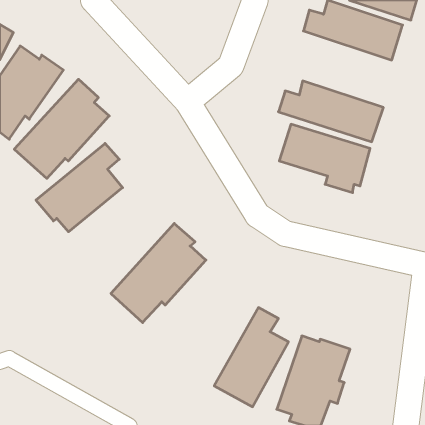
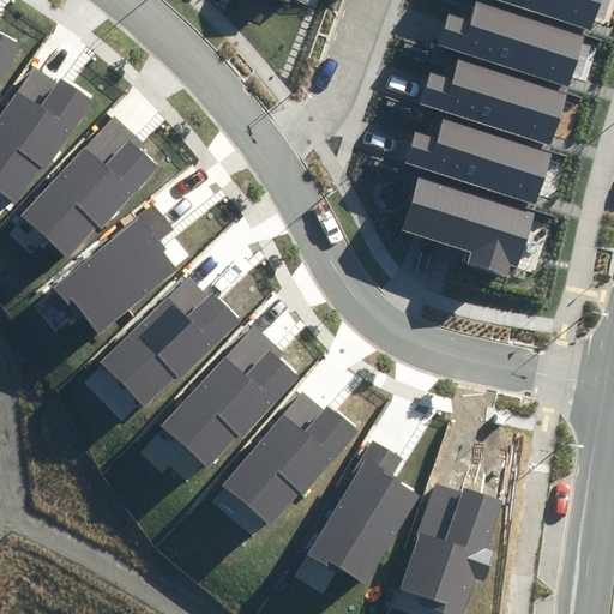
building: none -> [422,61,566,146]
building: none -> [100,278,239,408]
building: none -> [222,393,355,529]

